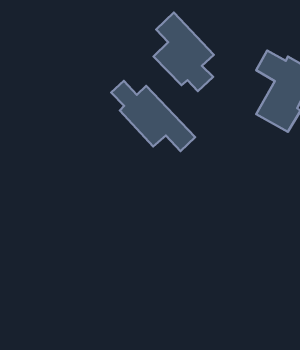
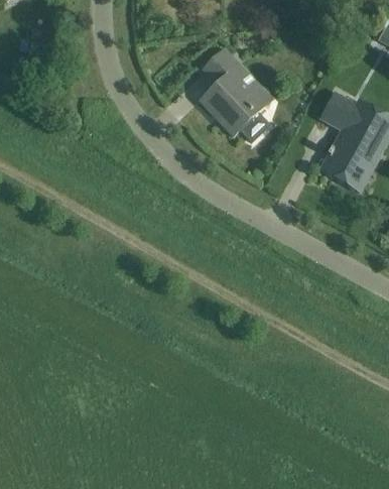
building: [111,81,195,151] -> none

